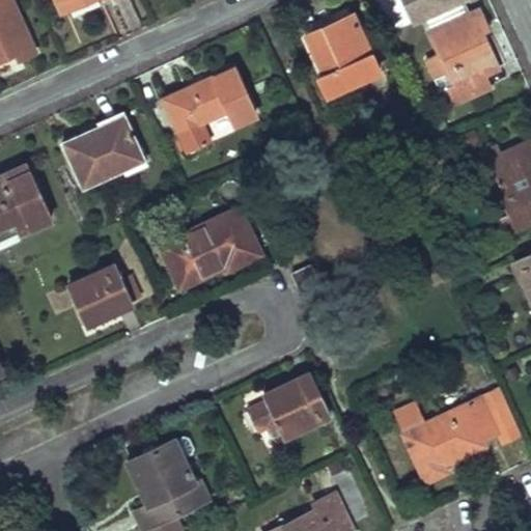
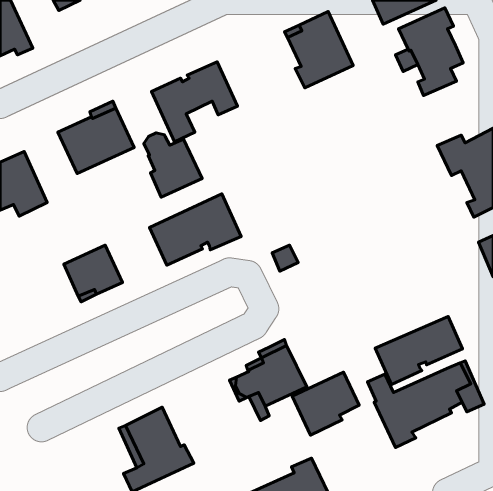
building: none -> [144,133,202,197]
building: none -> [375,316,462,385]
building: none -> [292,372,359,435]

